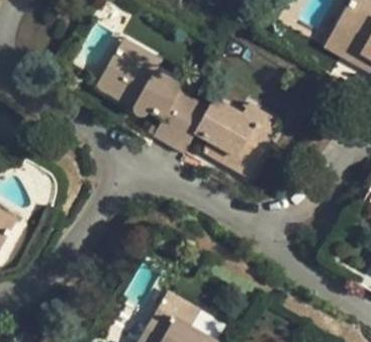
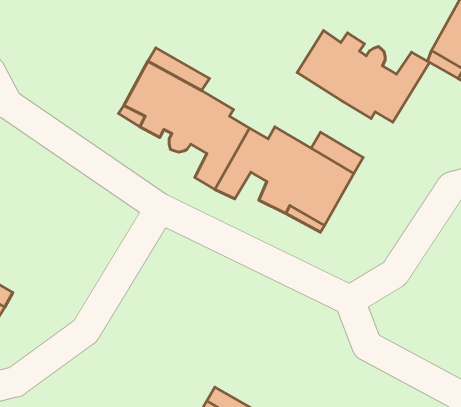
building: none -> [297,31,429,122]

